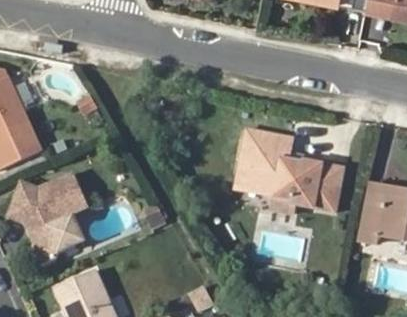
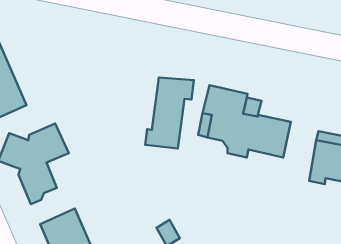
building: none -> [145,77,194,149]

